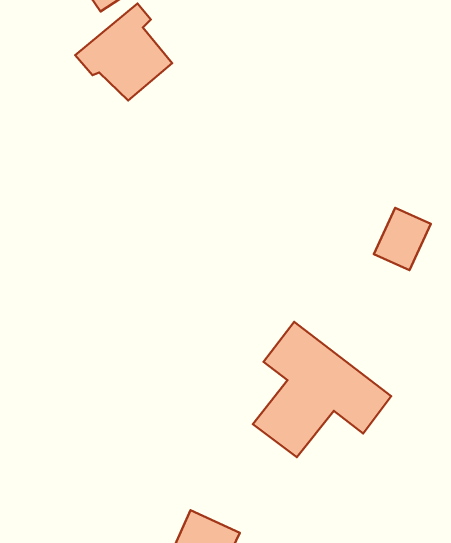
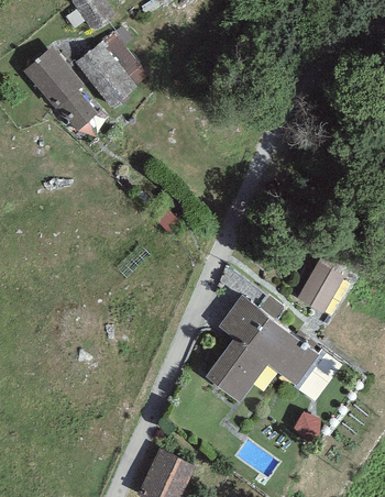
building: none -> [18,47,91,132]
building: [374,208,431,270] -> [300,262,348,313]

